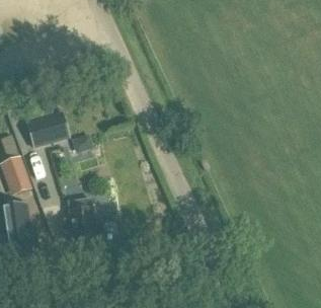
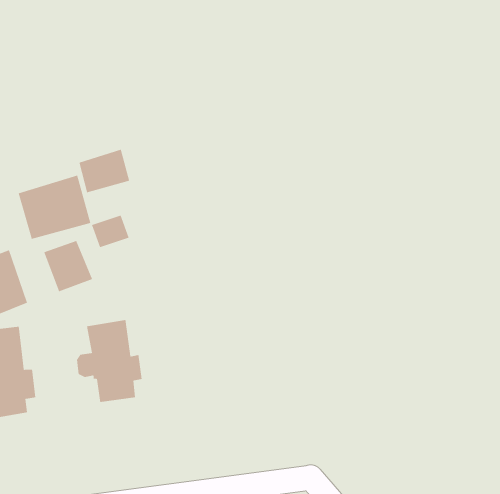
building: none -> [79,149,130,193]
building: none -> [44,240,93,292]

